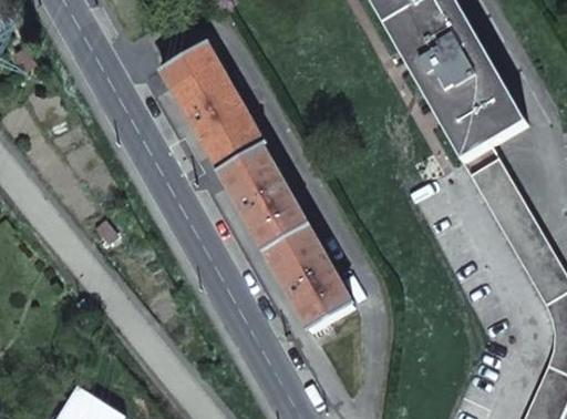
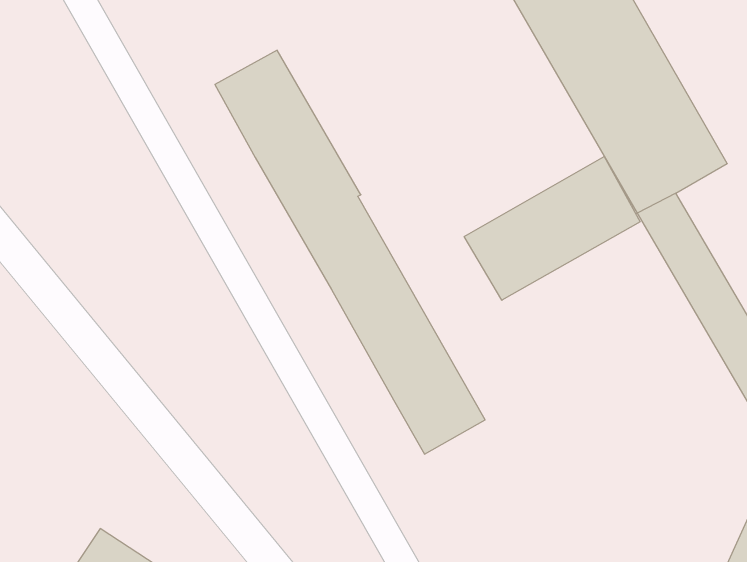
building: none -> [464,156,640,300]

